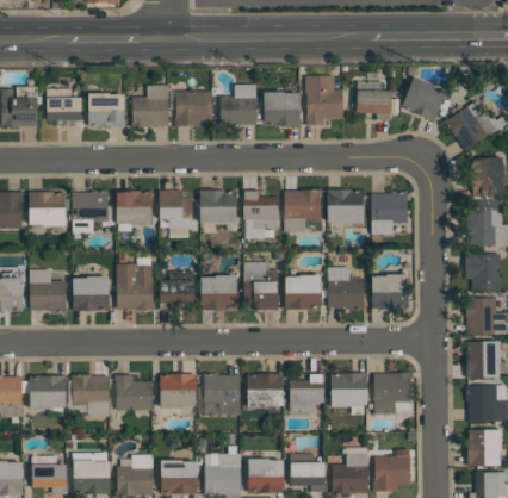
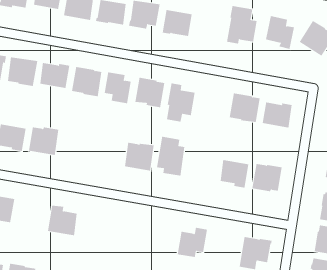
building: [264,91,301,125] -> none
building: [284,189,322,219] -> none
building: [117,263,155,310] -> none
building: [160,270,194,309] -> none
building: [285,274,321,309] -> none
building: [204,372,240,415] -> none
building: [332,372,367,406] -> none
building: [247,373,284,406] -> none
building: [72,374,110,405] -> none
building: [160,374,196,407] -> none

